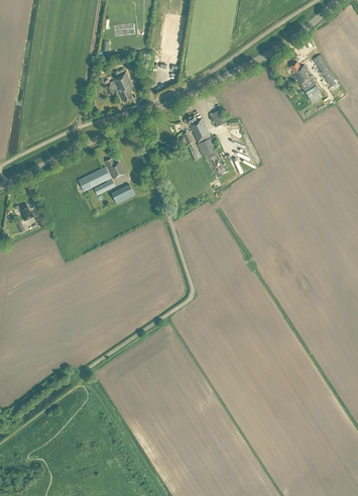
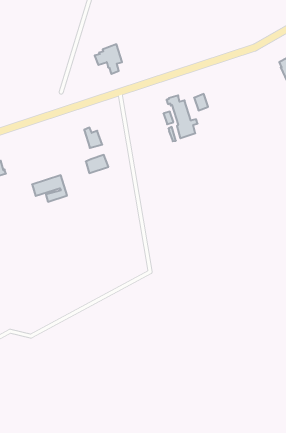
building: [78,166,114,194] -> [32,175,67,202]

